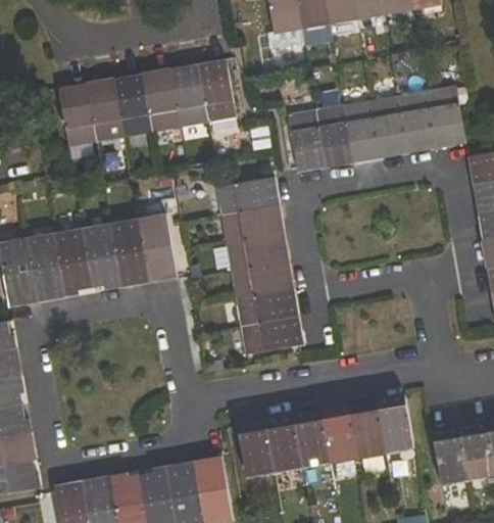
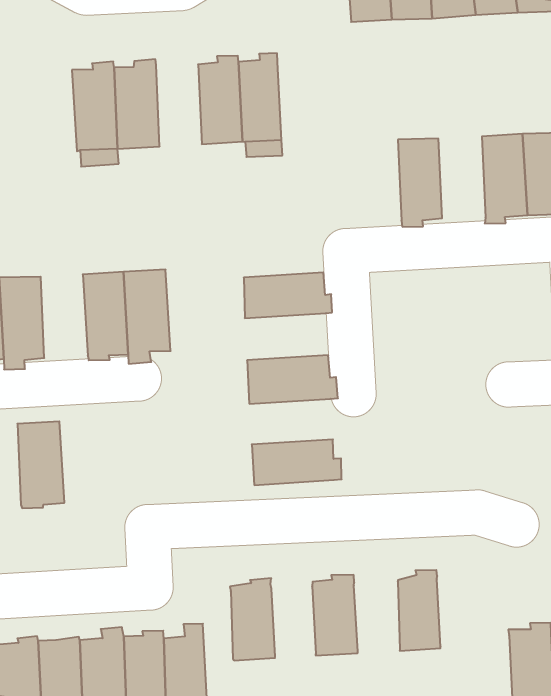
building: [144,68,182,133] -> none
building: [59,84,97,147] -> none
building: [343,99,382,163] -> none
building: [288,108,325,173] -> none
building: [216,178,280,216] -> none
building: [83,227,121,289] -> [17,421,64,508]
building: [226,233,290,272] -> none
building: [236,291,300,329] -> none
building: [379,394,413,453] -> none
building: [323,405,359,463] -> none
building: [265,415,302,473] -> none

